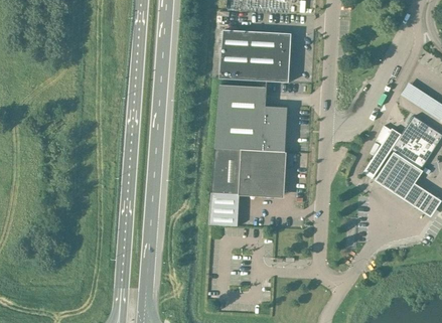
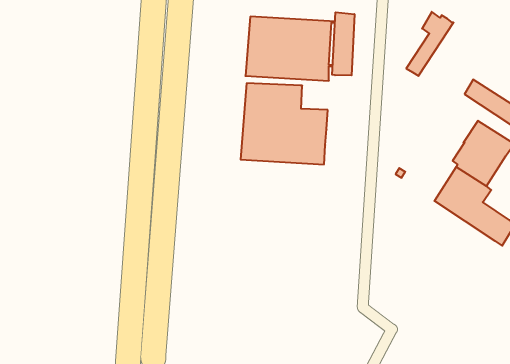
building: none -> [332,12,354,75]
building: [362,125,402,178] -> [406,12,454,76]
building: [209,148,287,225] -> none

